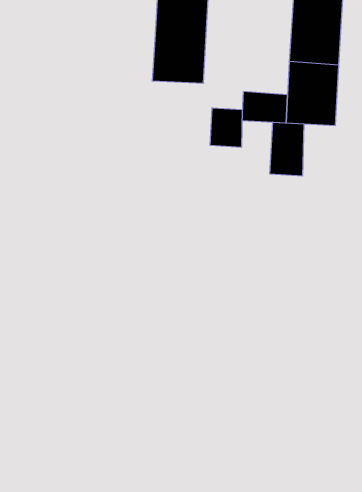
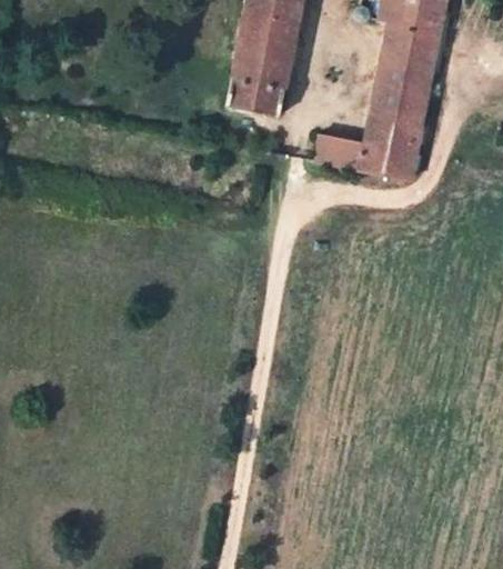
building: [210,108,242,147] -> none
building: [270,122,304,176] -> none

